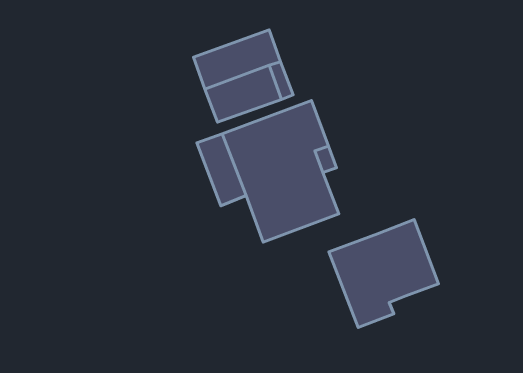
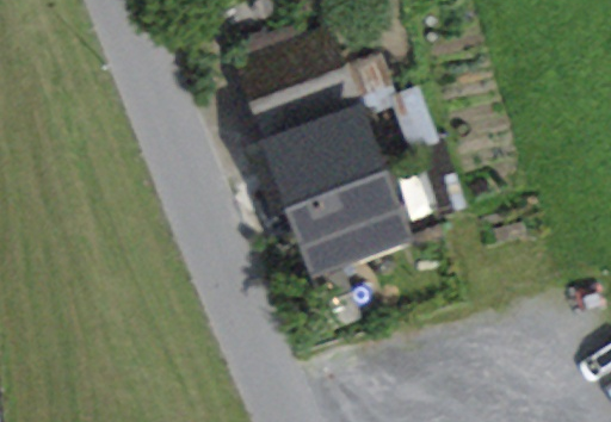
building: [329,220,438,328] -> none

